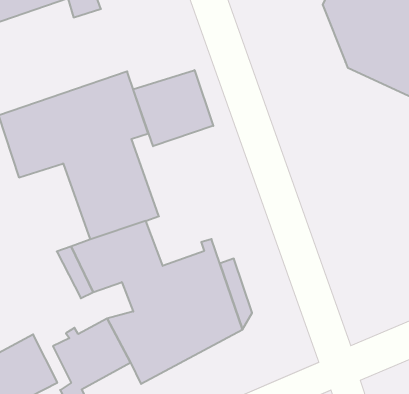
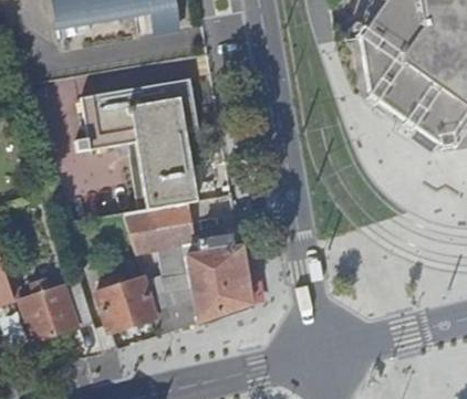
building: [133,70,213,146] -> none

